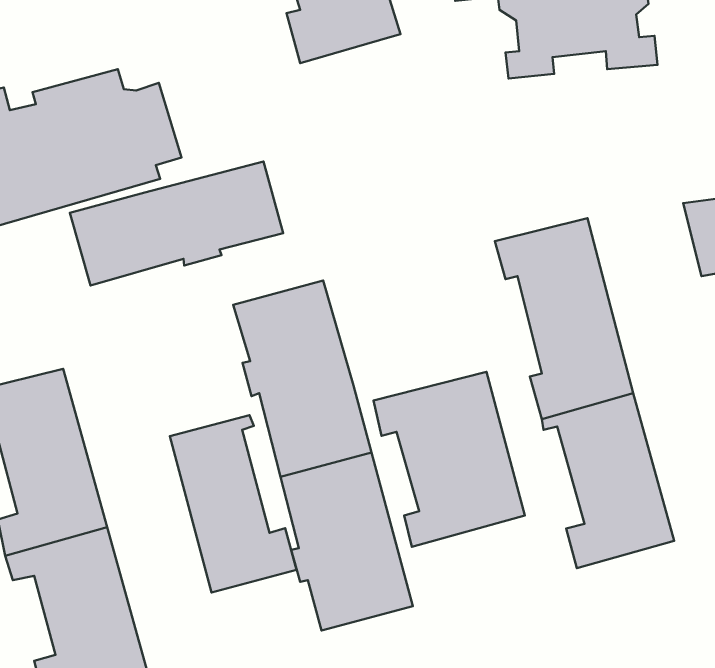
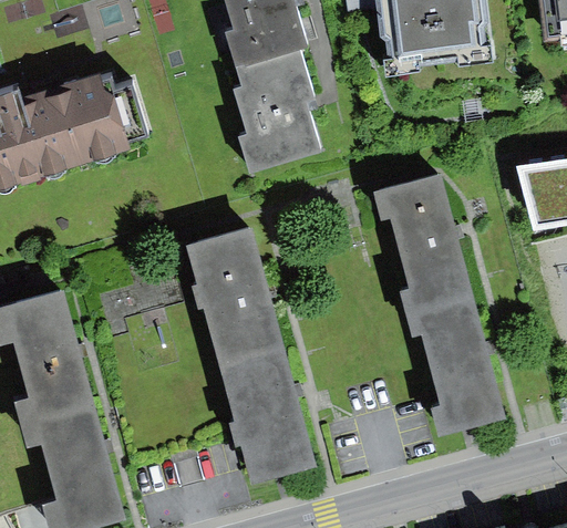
building: none -> [233,46,320,173]
building: [70,162,283,286] -> none
building: [373,372,525,547] -> none
building: [170,415,297,592] -> none

